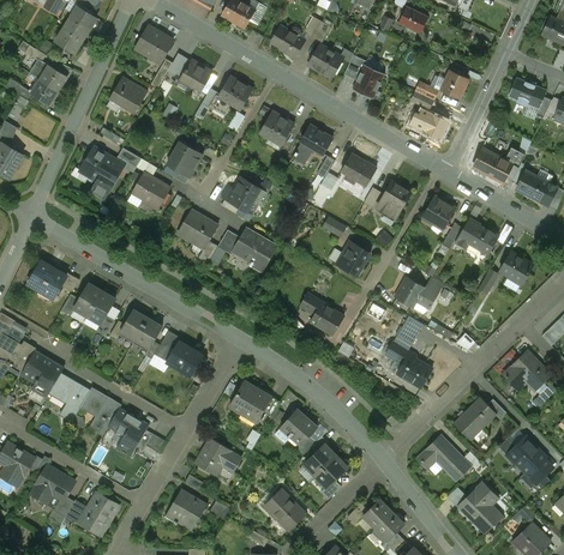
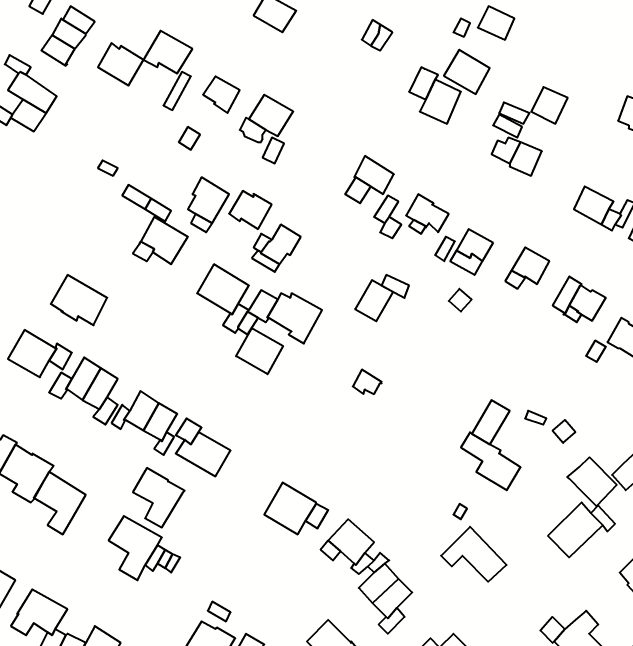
building: [270,26,304,58] -> none
building: [306,44,342,79] -> [444,50,490,94]
building: [110,78,146,111] -> [98,43,144,86]
building: [259,114,293,144] -> [229,191,272,229]
building: [79,147,124,187] -> [51,275,107,325]
building: [338,243,368,276] -> [355,280,393,321]
building: none -> [236,328,283,374]
building: [396,277,440,307] -> none
building: [310,303,343,334] -> none
building: none -> [567,457,617,506]
building: [79,388,120,435] -> [133,468,185,527]
building: [418,436,469,479] -> [441,527,507,582]
building: [194,439,240,475] -> none

